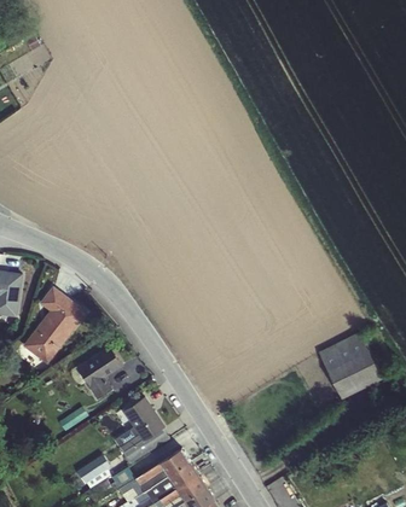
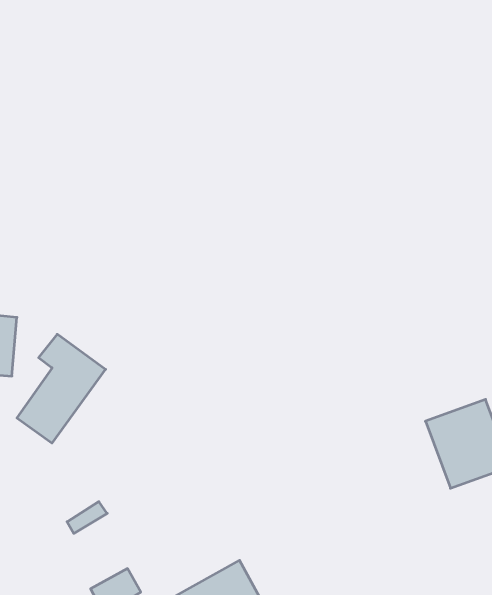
building: [77,349,123,401] -> none
building: [115,397,172,465] -> none

